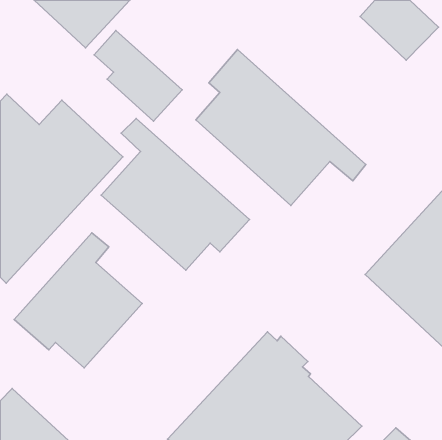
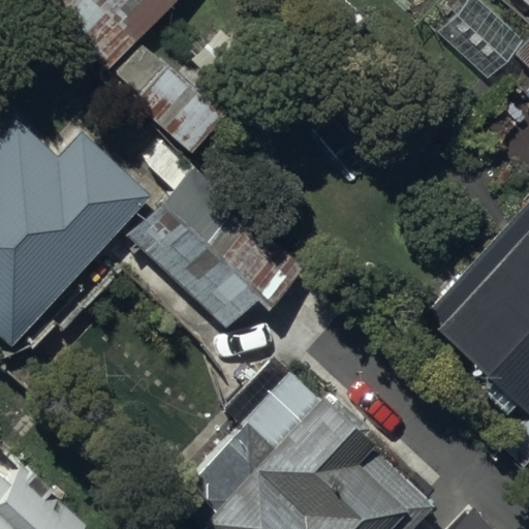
building: [196,50,366,206] -> none
building: [14,233,142,368] -> none

